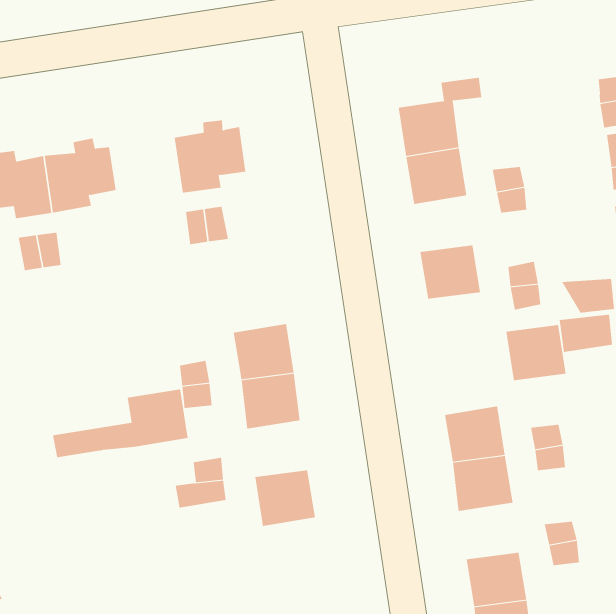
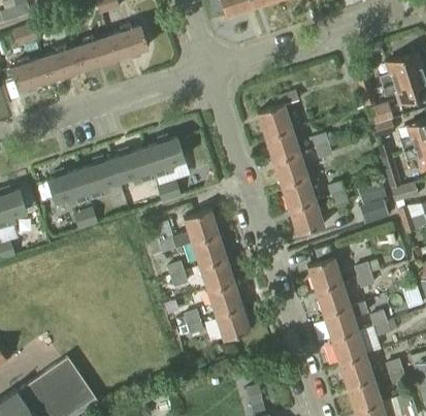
building: none -> [112,149,154,184]
building: none -> [273,154,307,187]
building: [505,324,566,381] -> [289,202,324,235]
building: [52,389,188,458] -> [149,211,219,257]
building: none -> [207,284,242,317]
building: none -> [323,308,358,341]

